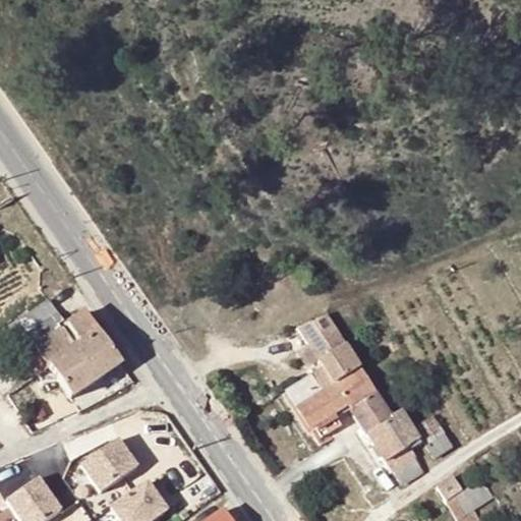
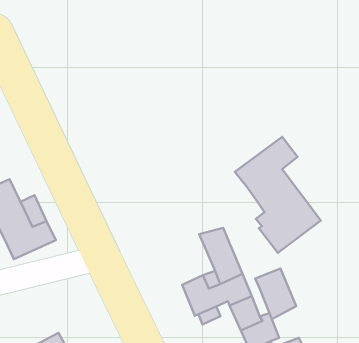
building: none -> [235,137,321,253]
building: none -> [255,269,296,319]
building: [79,438,136,493] -> none

